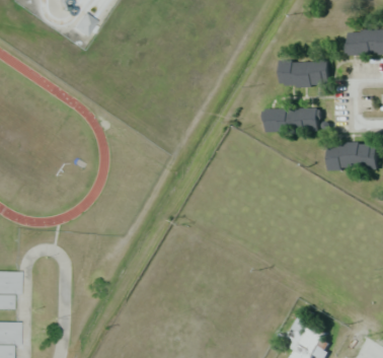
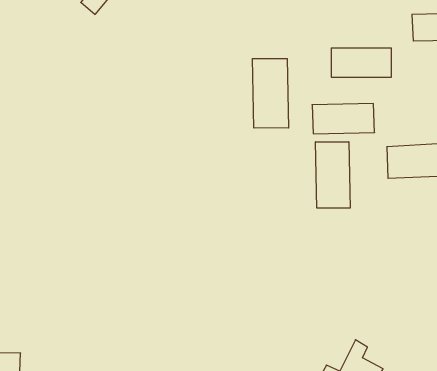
building: none -> [252,59,289,128]
building: none -> [316,142,350,208]

